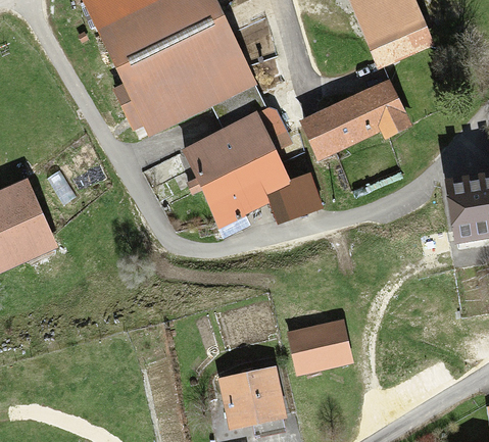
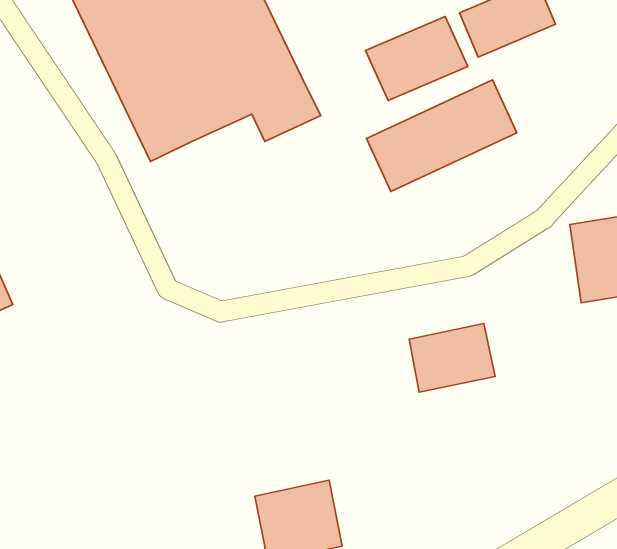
building: none -> [365,16,468,101]
building: [185,107,327,227] -> none
building: [288,322,349,371] -> [409,324,495,392]

